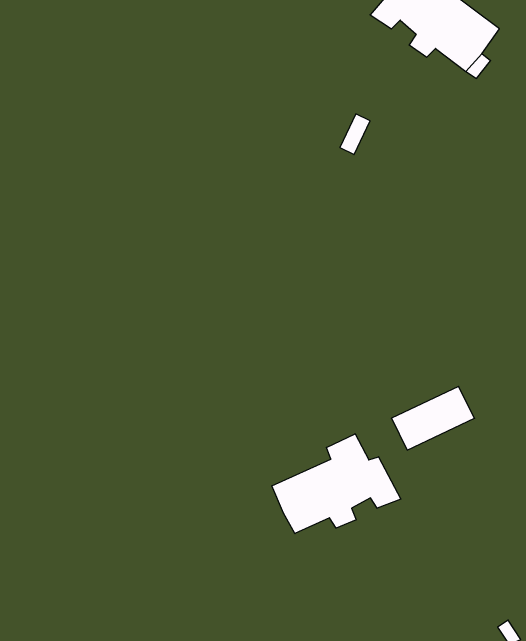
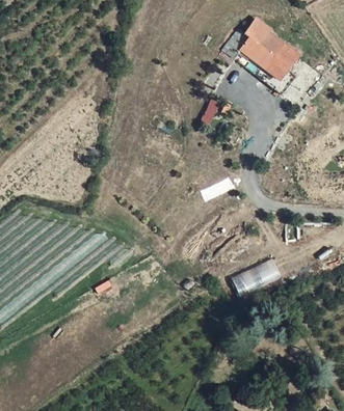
building: [272,434,401,534] -> none

